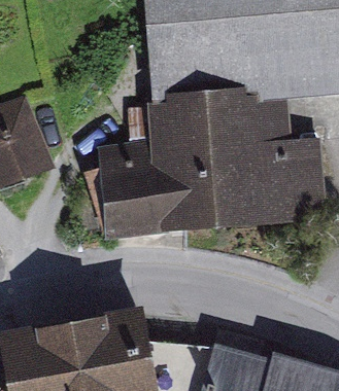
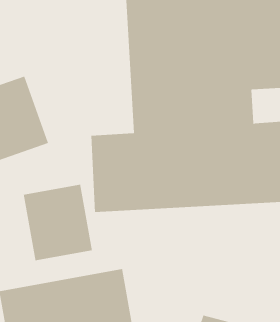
building: none -> [23,184,93,261]

